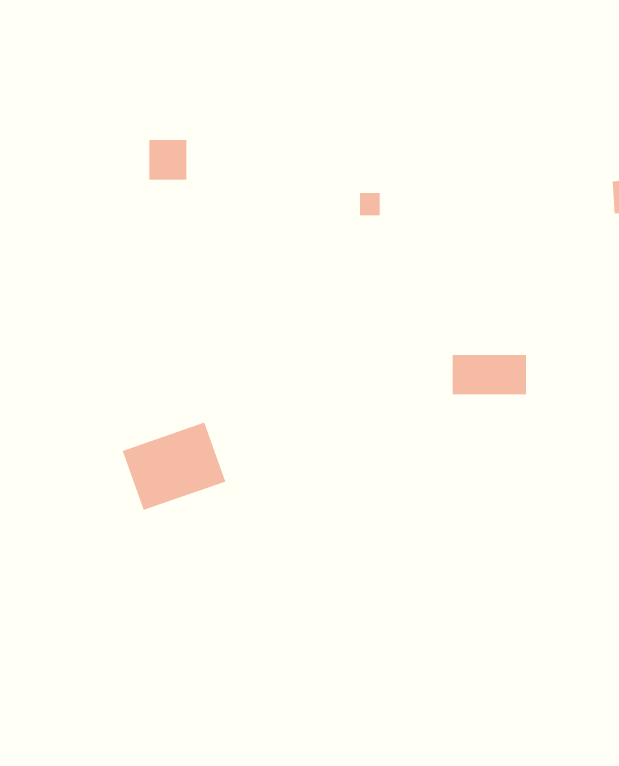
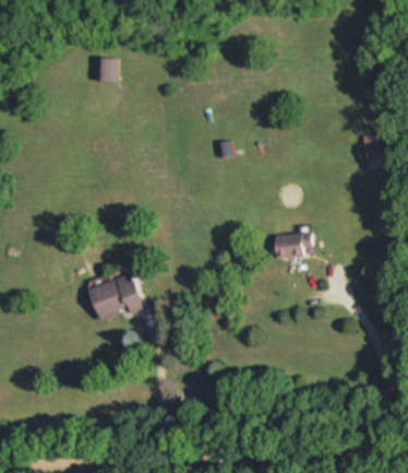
building: [148,140,187,180] -> [98,59,120,82]

